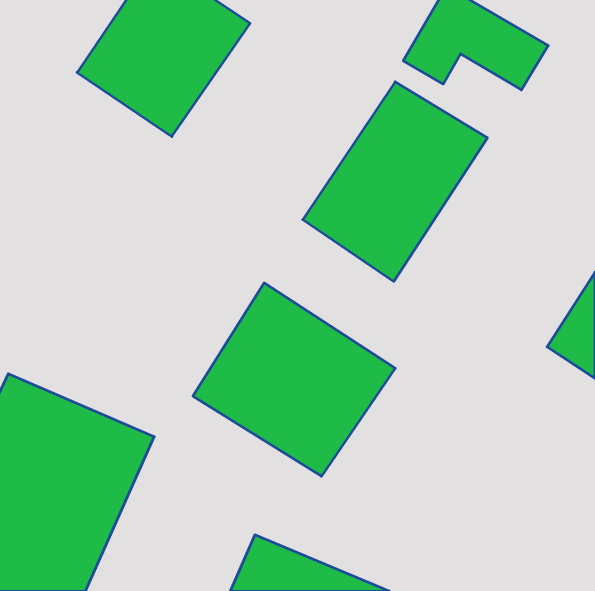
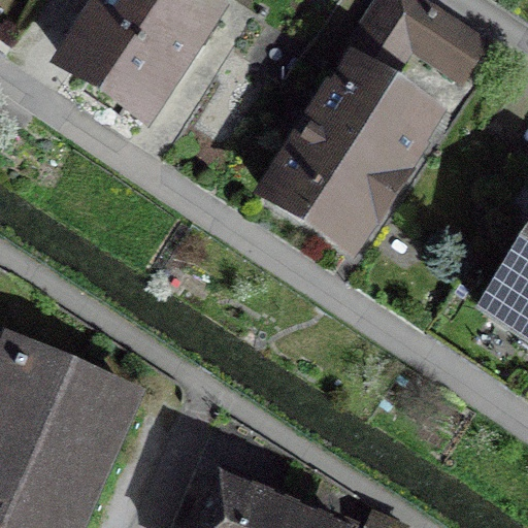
building: [193,283,395,476] -> none

